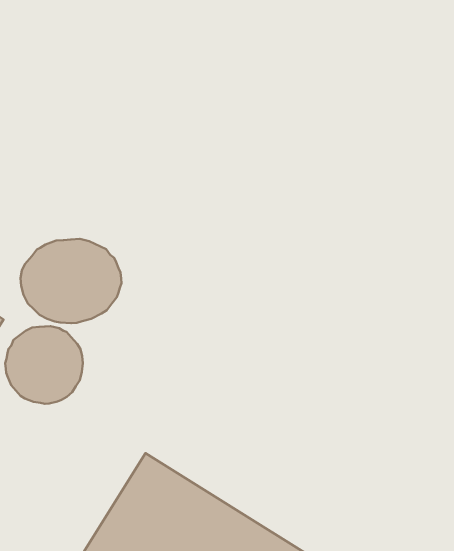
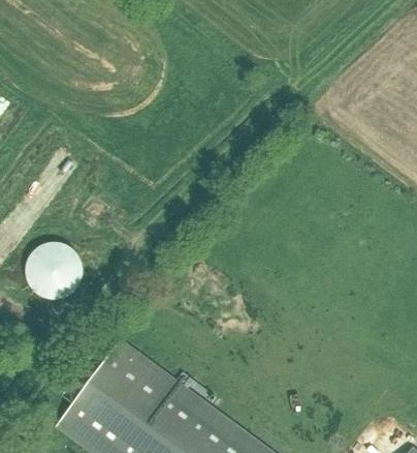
building: [20,239,121,323] -> none

